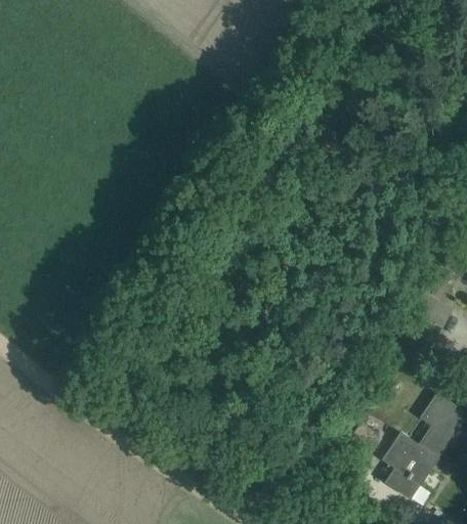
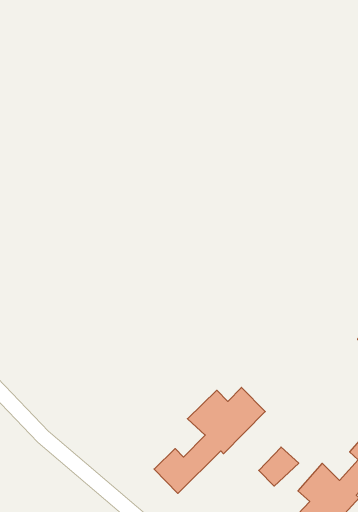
building: none -> [154,387,265,493]

